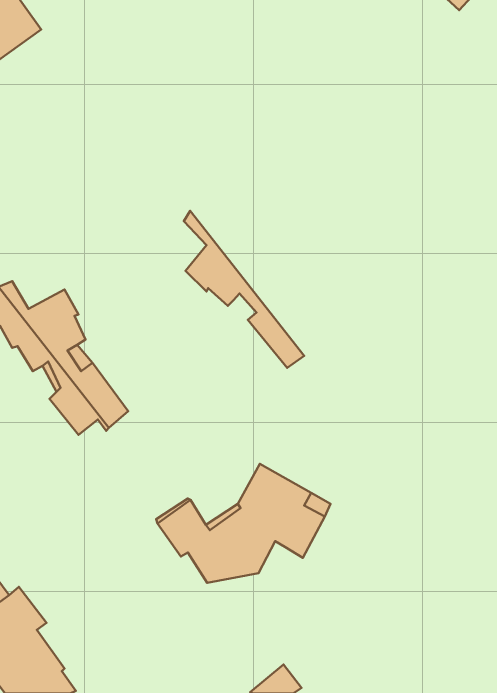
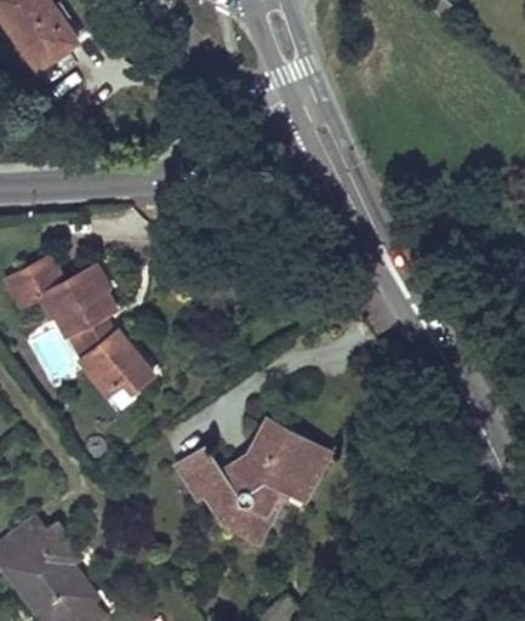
building: [184,211,304,368] -> none
building: none -> [218,486,289,546]

